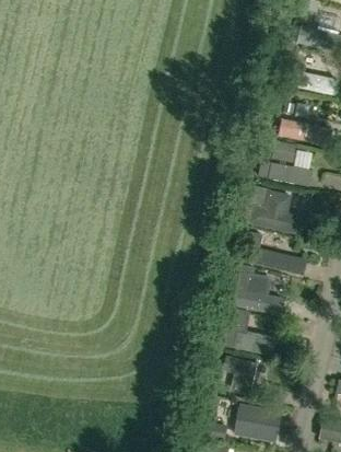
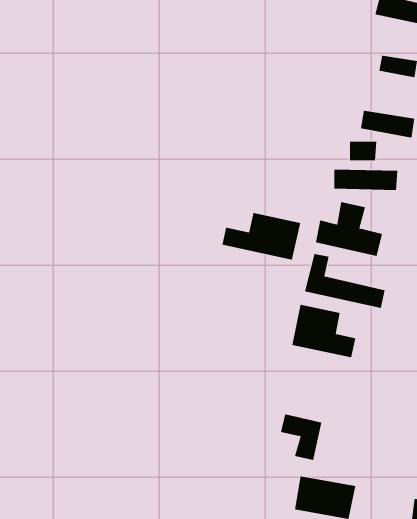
building: none -> [222,212,301,261]
building: [222,308,273,354] -> none

